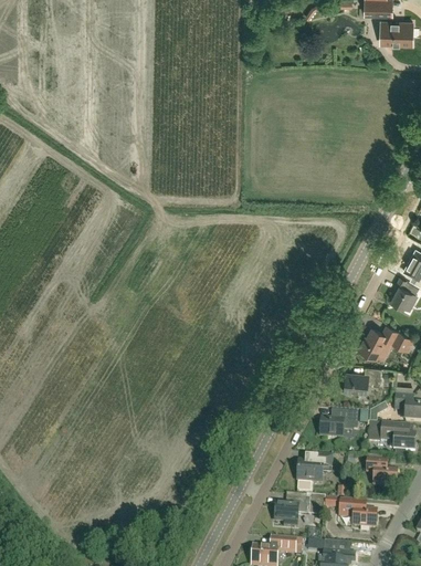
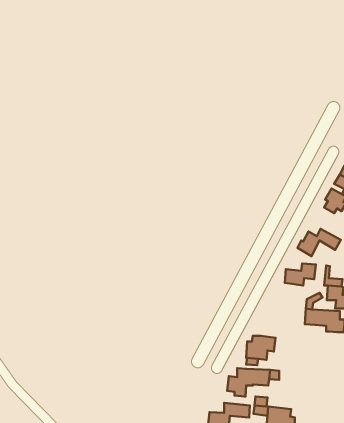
building: [319,411,359,438] -> none
building: [367,461,397,488] -> none
building: [339,501,377,528] -> none

